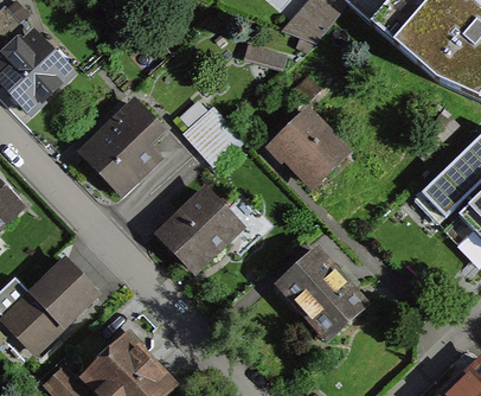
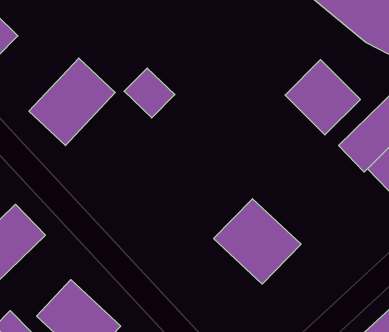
building: [271,109,352,190] -> [285,60,360,135]
building: [158,185,246,274] -> none

